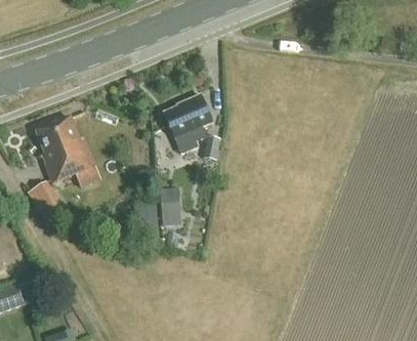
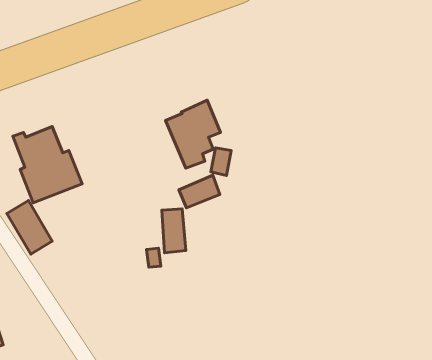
building: none -> [179,175,220,208]

